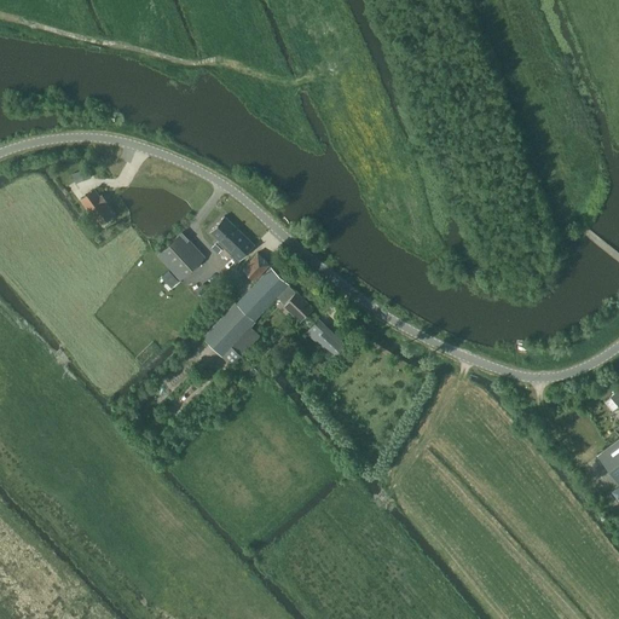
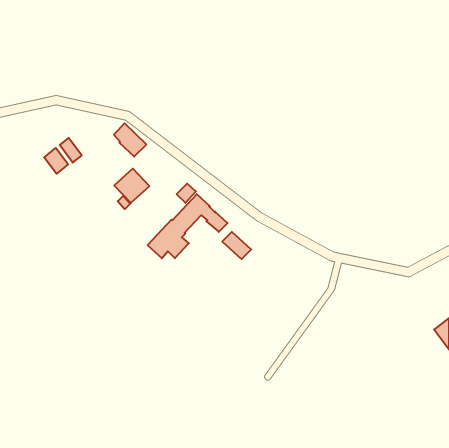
building: none -> [44,148,68,174]
building: [210,216,255,262] -> [114,123,146,157]

